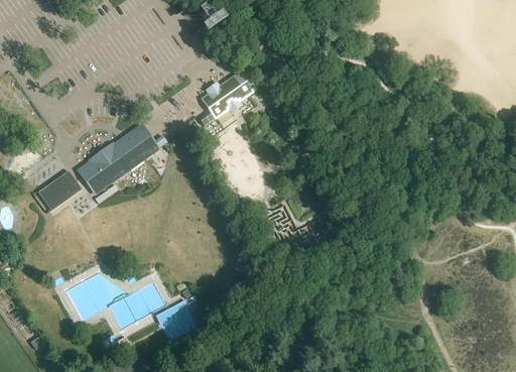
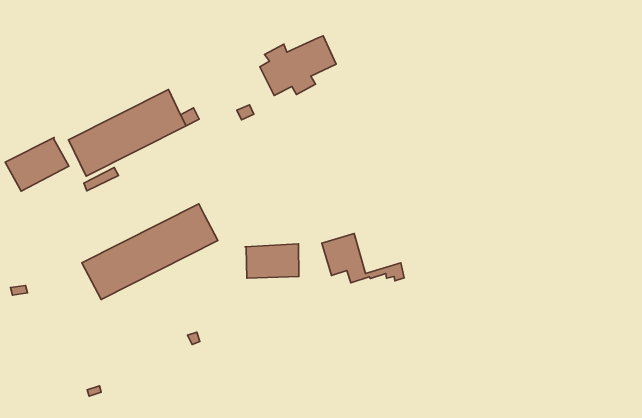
building: none -> [82,204,218,300]
building: none -> [245,244,299,278]

